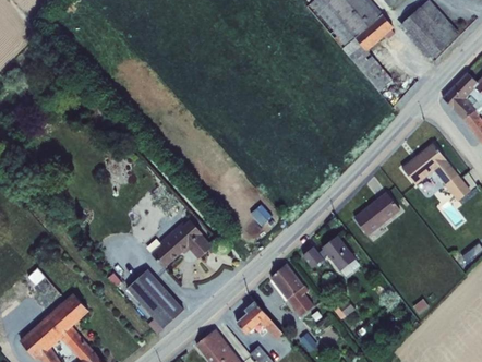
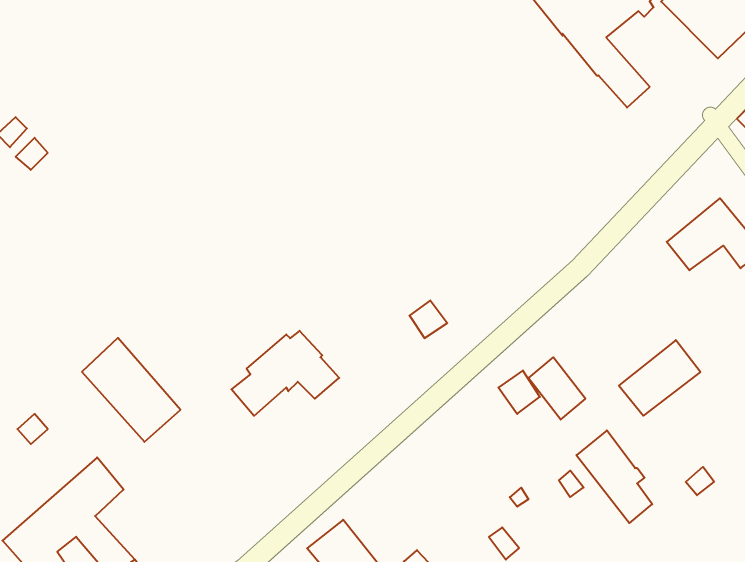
building: [353,191,400,234] -> [619,340,700,416]
building: [269,263,313,316] -> [576,430,652,523]
building: [126,268,183,328] -> [82,338,180,442]
building: [236,300,282,339] -> none

